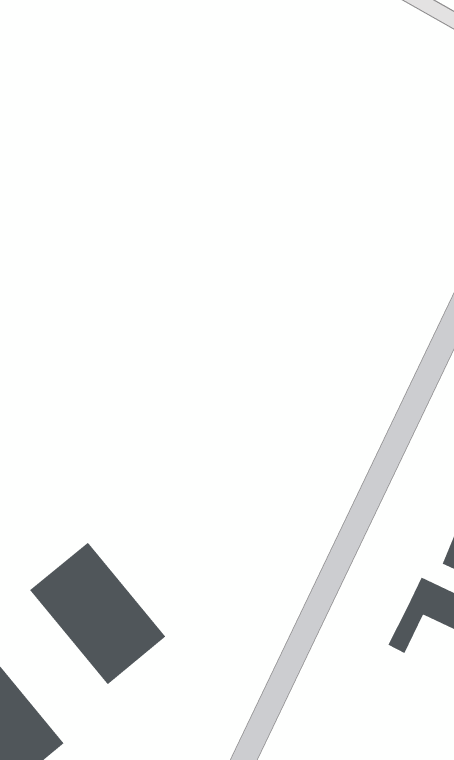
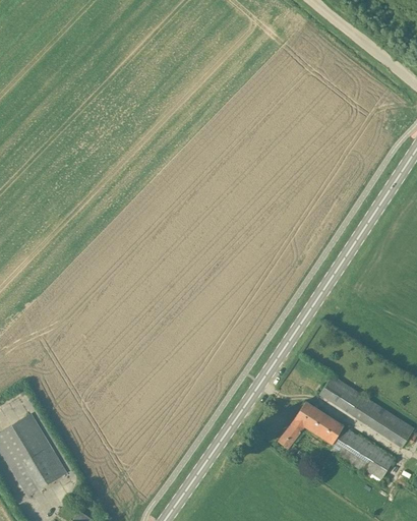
building: [29,542,166,685] -> none

